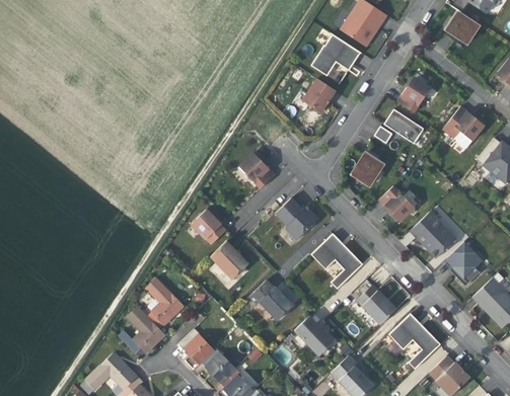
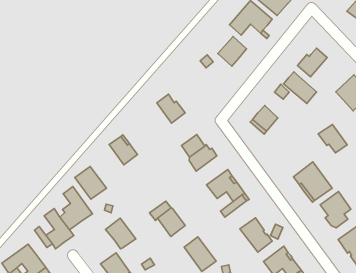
building: [379,186,415,219] -> [318,124,347,153]
building: [211,241,249,279] -> [75,167,106,199]
building: [178,328,215,364] -> [106,218,136,249]

